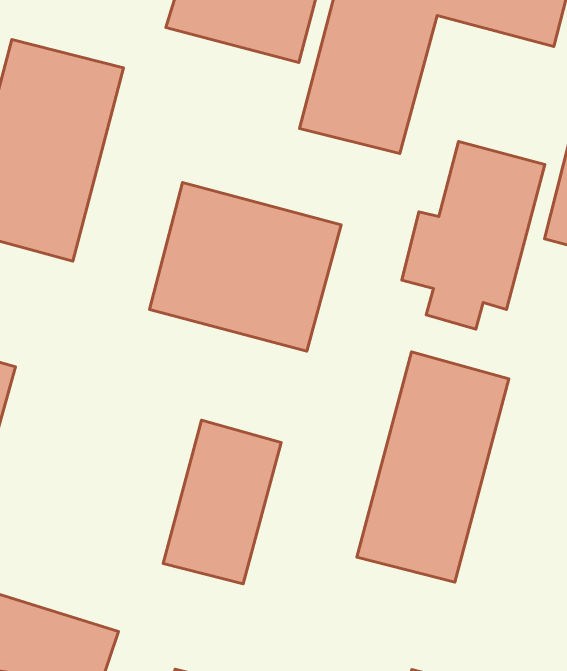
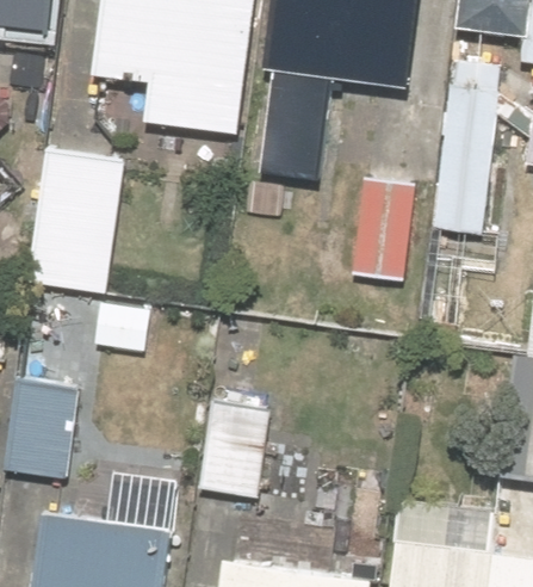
building: [150,183,341,351] -> none
building: [357,352,509,582] -> none

